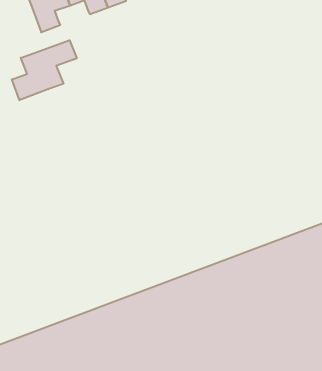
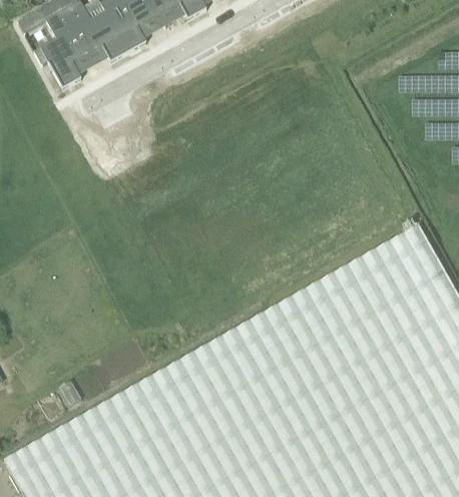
building: [12,40,77,100] -> none

